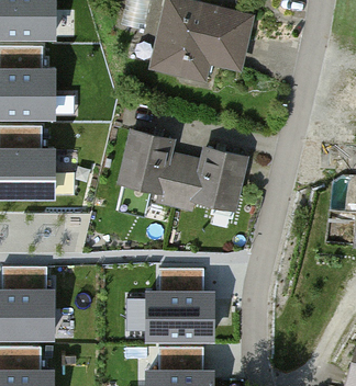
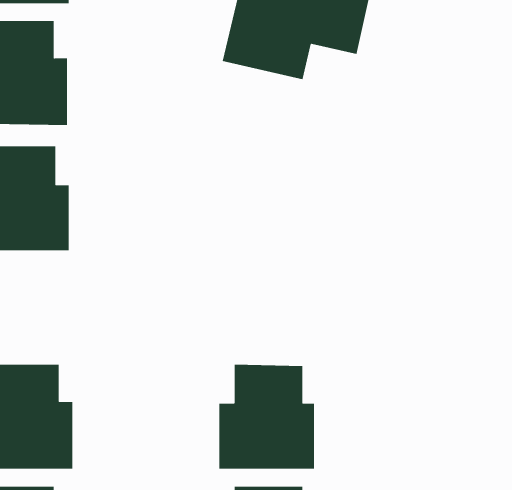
building: [120,138,244,211] -> none

